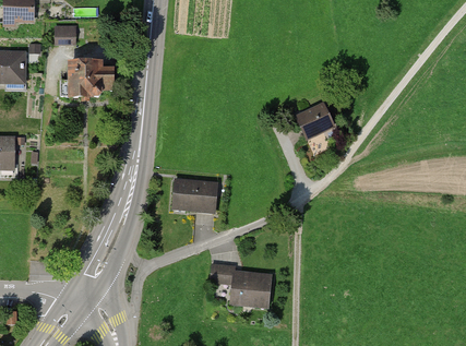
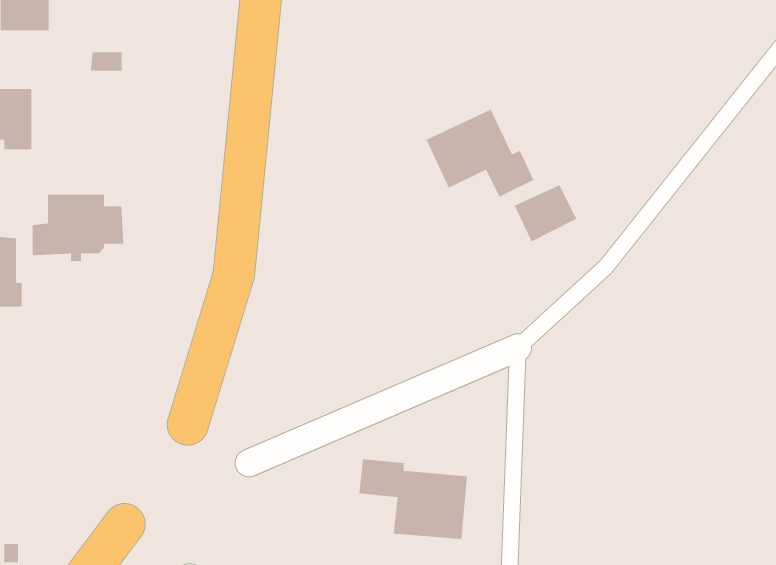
building: [60,62,112,100] -> [32,194,124,261]
building: none -> [426,109,534,197]
building: [174,181,217,211] -> none

